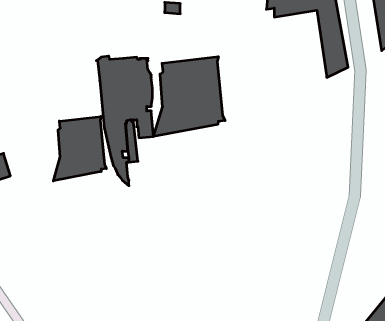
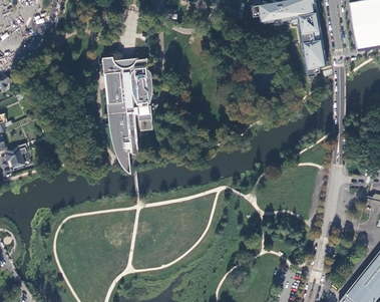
building: [153,57,225,137] -> none
building: [53,116,106,181] -> none

